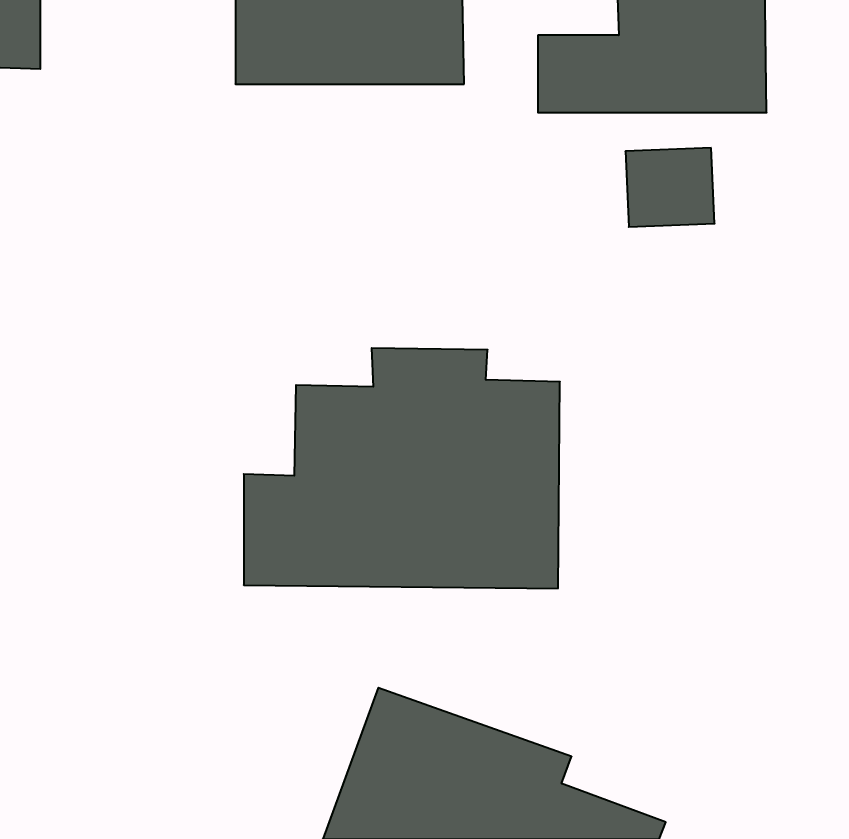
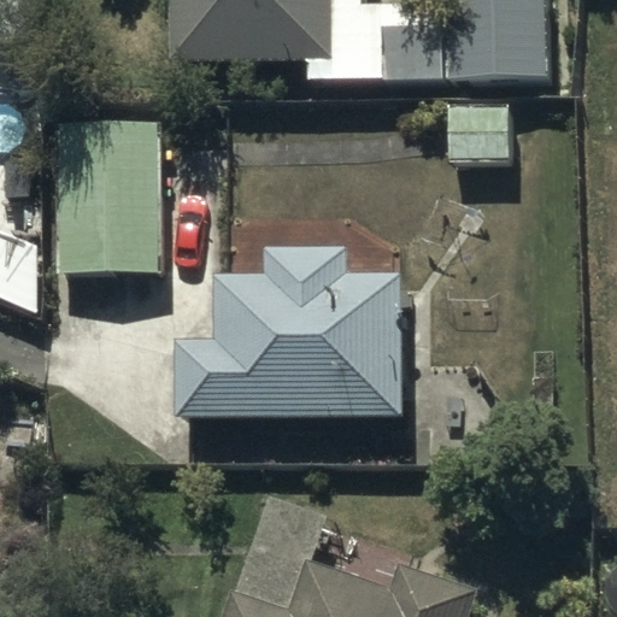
building: none -> [54,118,158,269]

